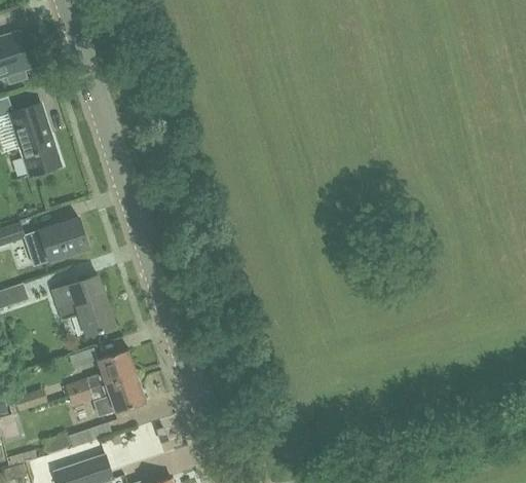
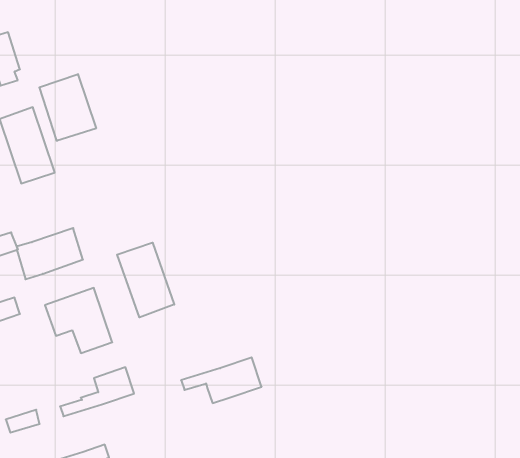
building: none -> [39,74,96,141]
building: none -> [117,243,174,317]
building: [68,373,144,416] -> [181,357,262,403]

